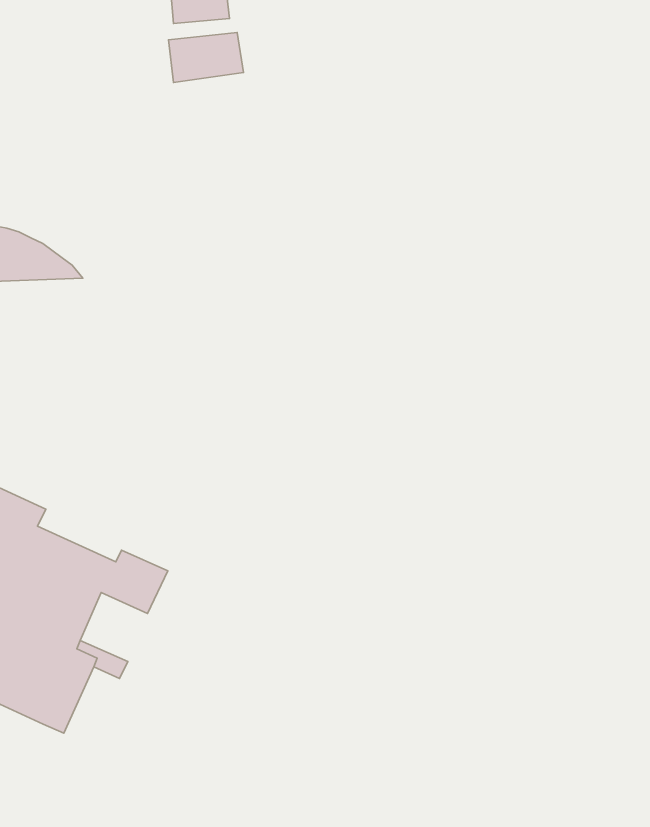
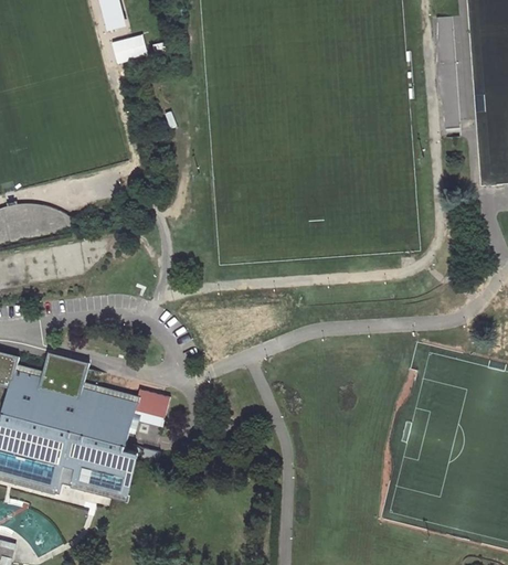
building: [168,32,243,83] -> none

